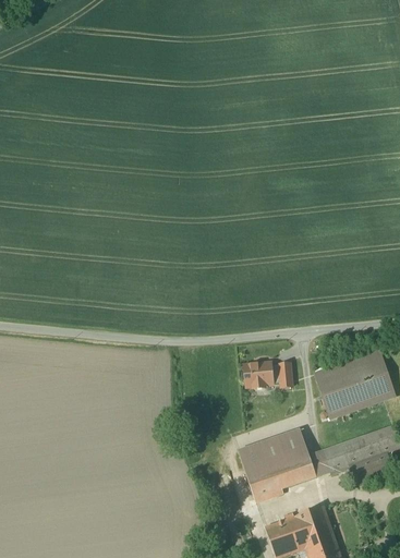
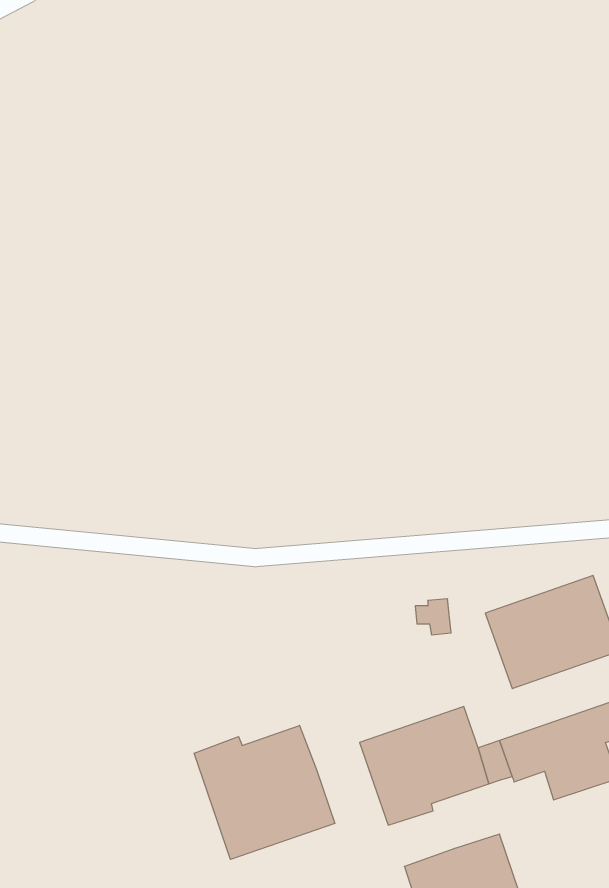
building: [245,363,272,388] -> none
building: none -> [194,725,335,859]

